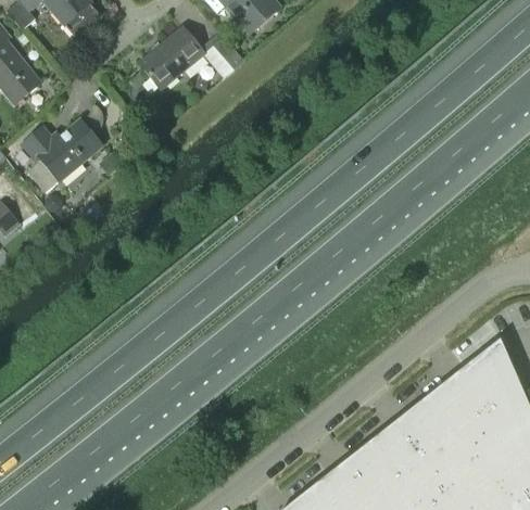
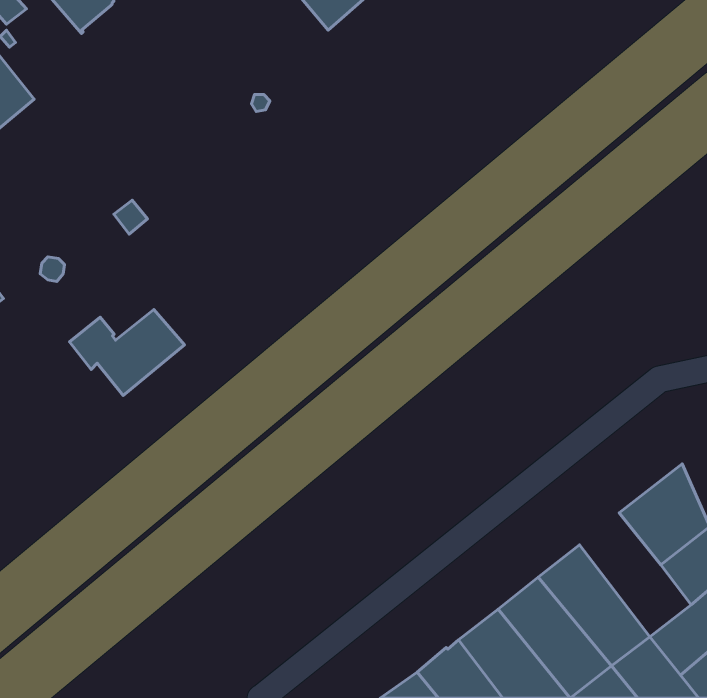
building: [138,26,243,89] -> none
building: [21,120,102,181] -> [70,310,185,395]
building: [427,375,506,463] -> none

